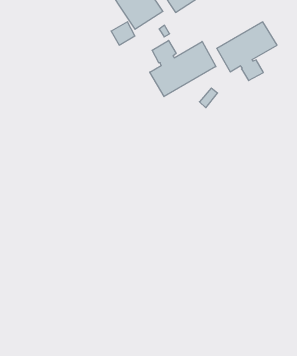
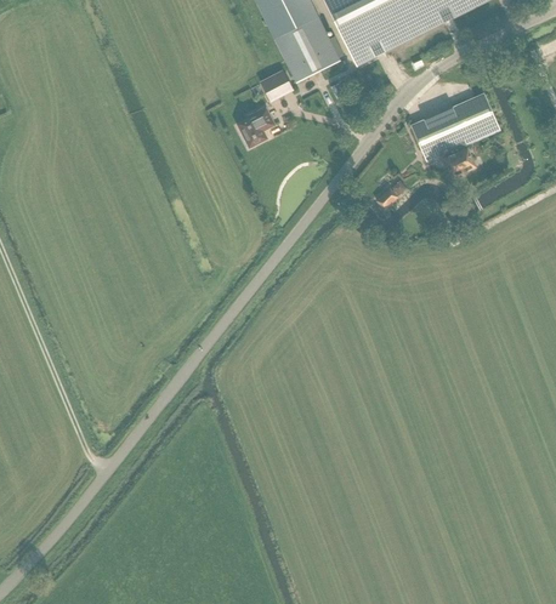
building: [150,40,216,97] -> none
building: none -> [236,107,272,146]

